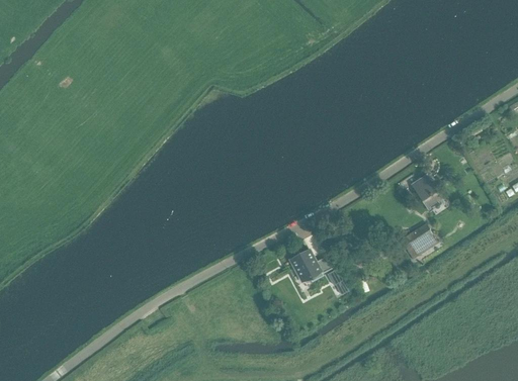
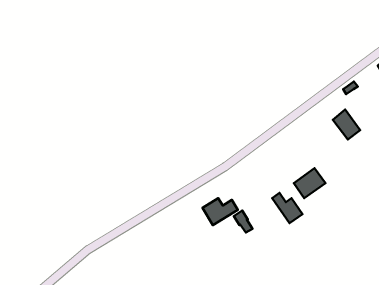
building: [411,174,442,209] -> [333,110,360,140]
building: none -> [272,193,303,223]

